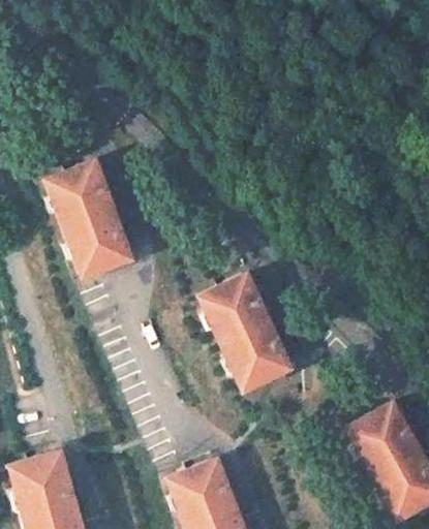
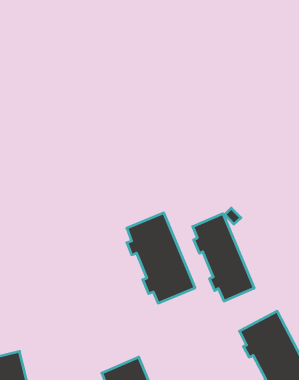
building: [44,160,132,276] -> none
building: none -> [193,214,254,301]

